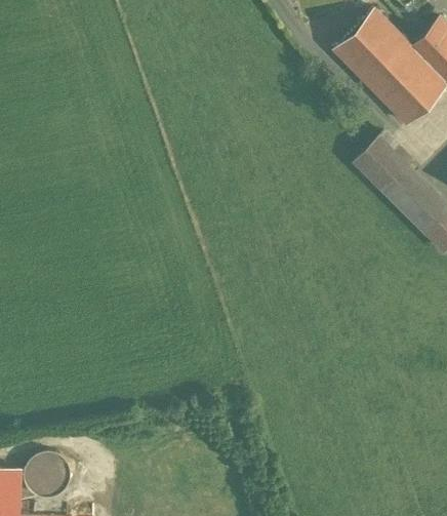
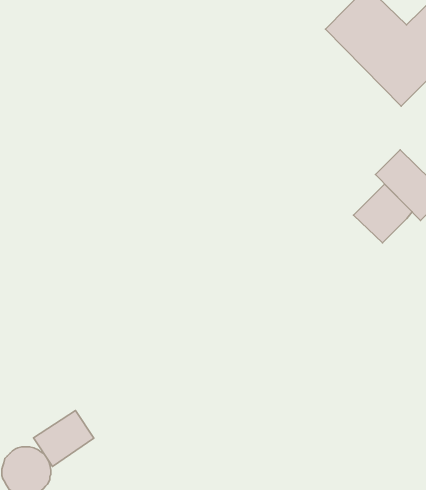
building: [355,134,411,191] -> [353,184,412,243]
building: none -> [33,411,94,466]

